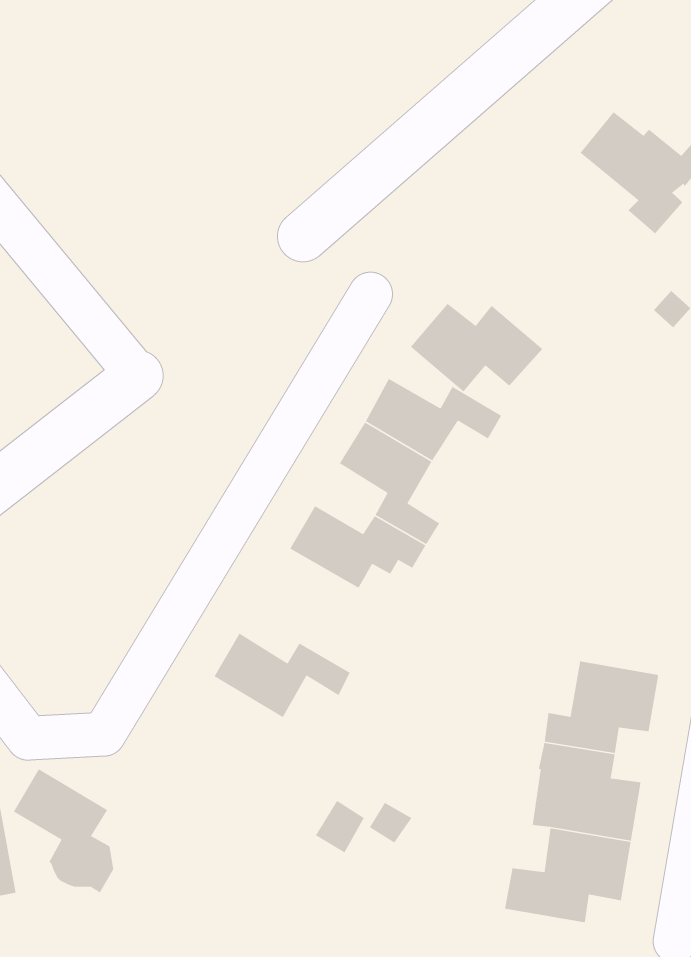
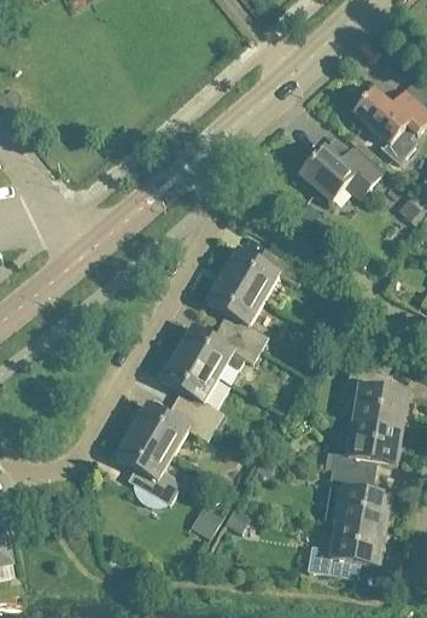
building: [410,303,543,393] -> [300,145,381,199]
building: none -> [162,351,223,426]
building: none -> [346,366,408,427]
building: [13,768,114,894] -> [116,428,177,505]

